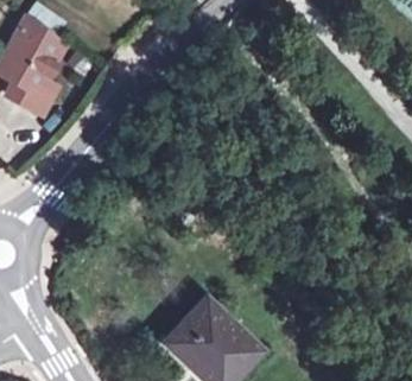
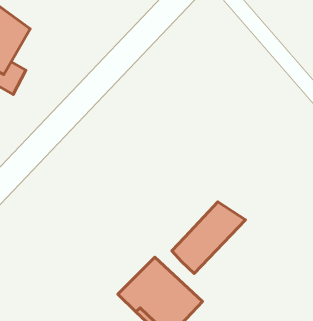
building: none -> [172,202,245,274]

